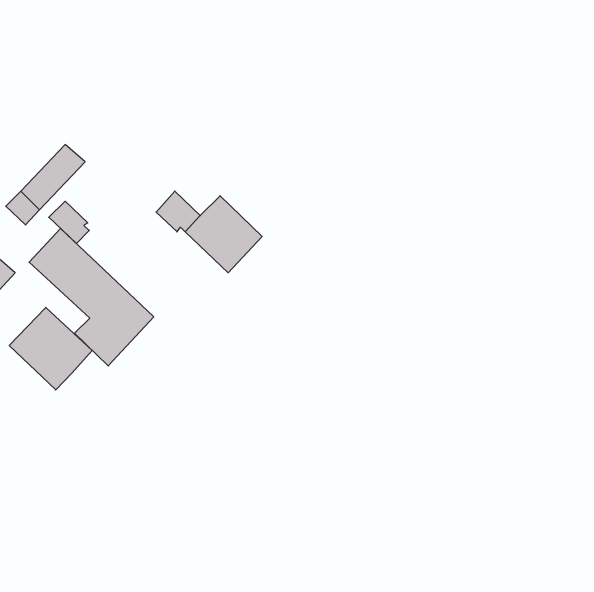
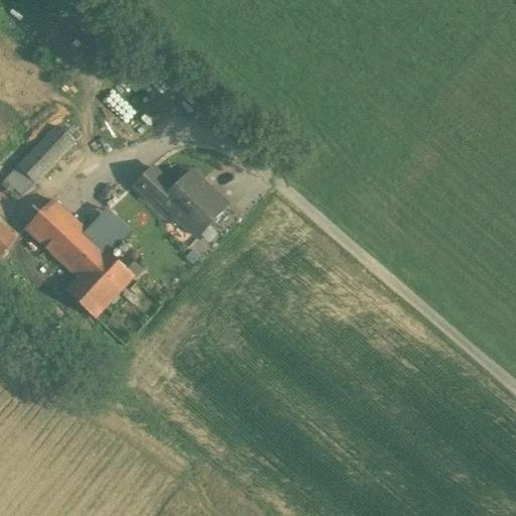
building: [49,201,89,243] -> none
building: [9,307,92,390] -> none

